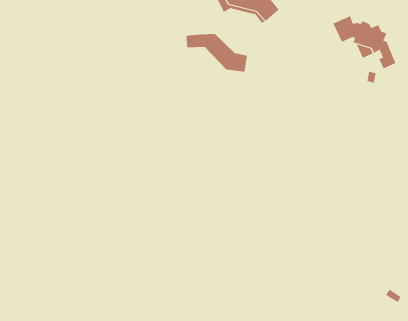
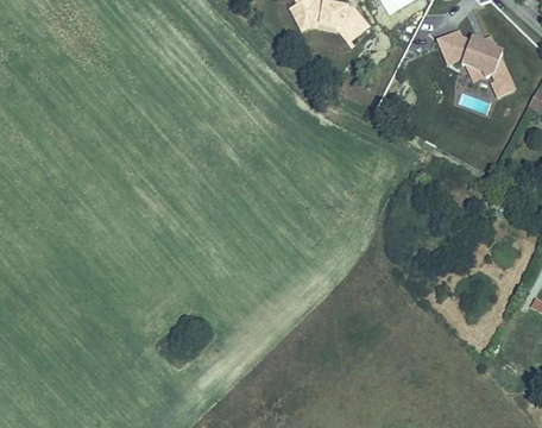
building: [186,33,248,73] -> none

